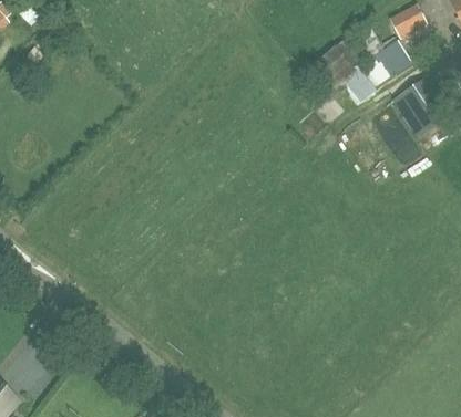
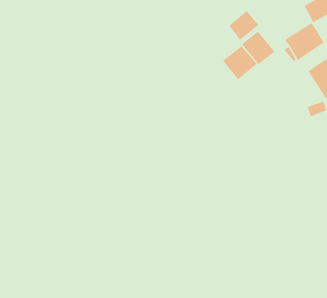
building: none -> [229,10,259,40]
building: none -> [222,45,258,80]

